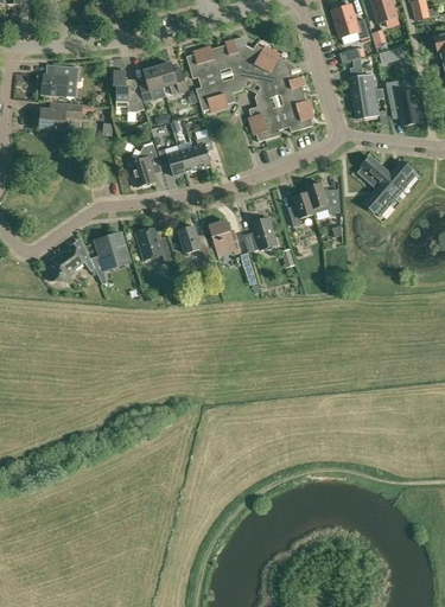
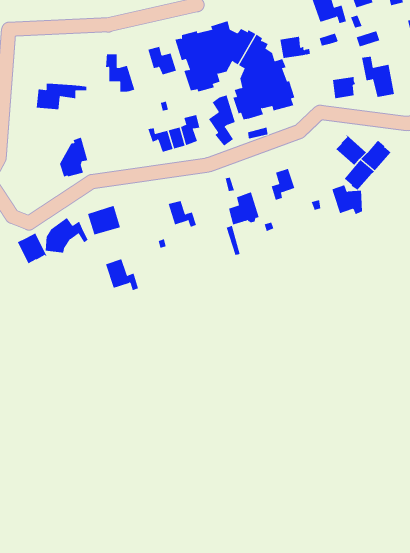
building: [43,65,78,96] -> none
building: [138,66,164,103] -> none
building: [350,75,383,98] -> [280,36,311,58]
building: none -> [208,94,236,147]
building: [129,143,160,186] -> [59,137,88,177]
building: [306,183,339,215] -> [332,185,363,215]
building: [209,221,241,255] -> none
building: [136,228,172,262] -> [105,258,139,291]
building: none -> [17,232,47,264]

